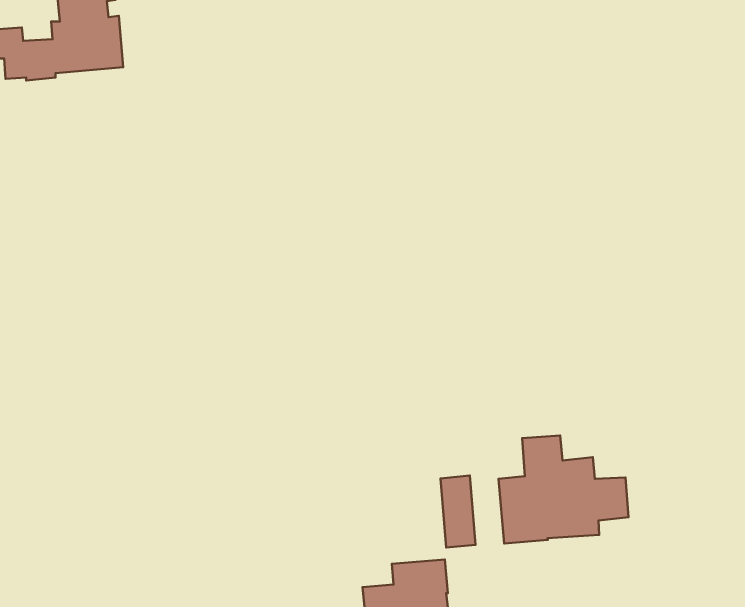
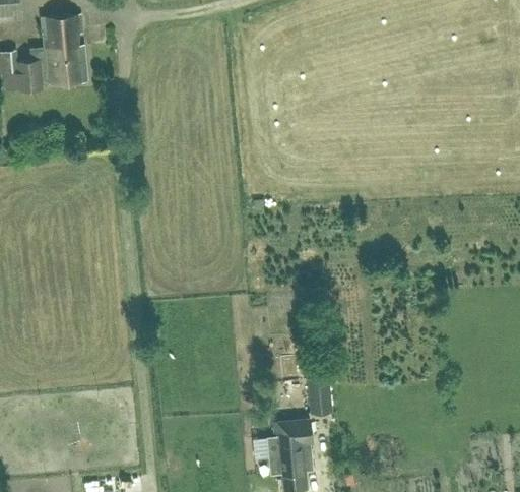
building: [498,435,629,544] -> none

